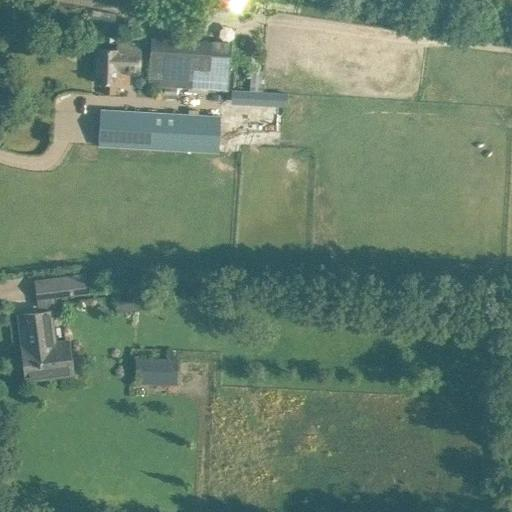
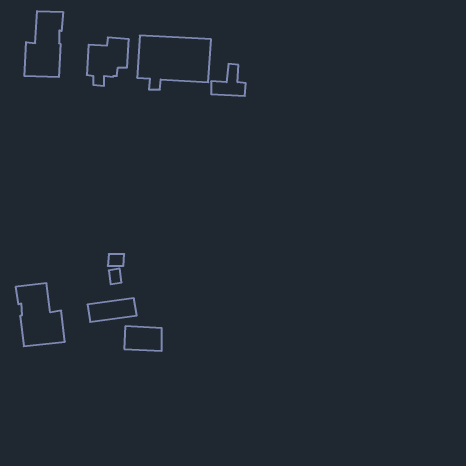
building: none -> [24,11,63,77]
building: [97,110,219,153] -> none
building: [34,274,88,300] -> [87,298,137,322]

